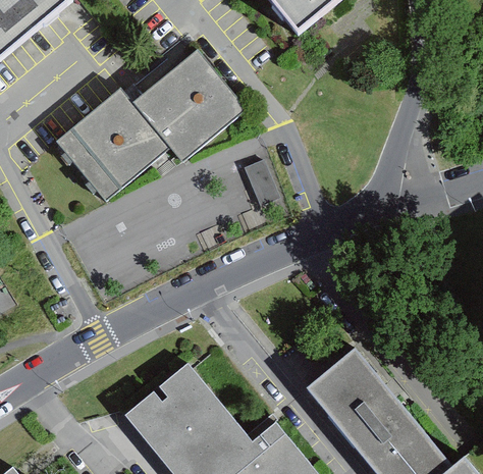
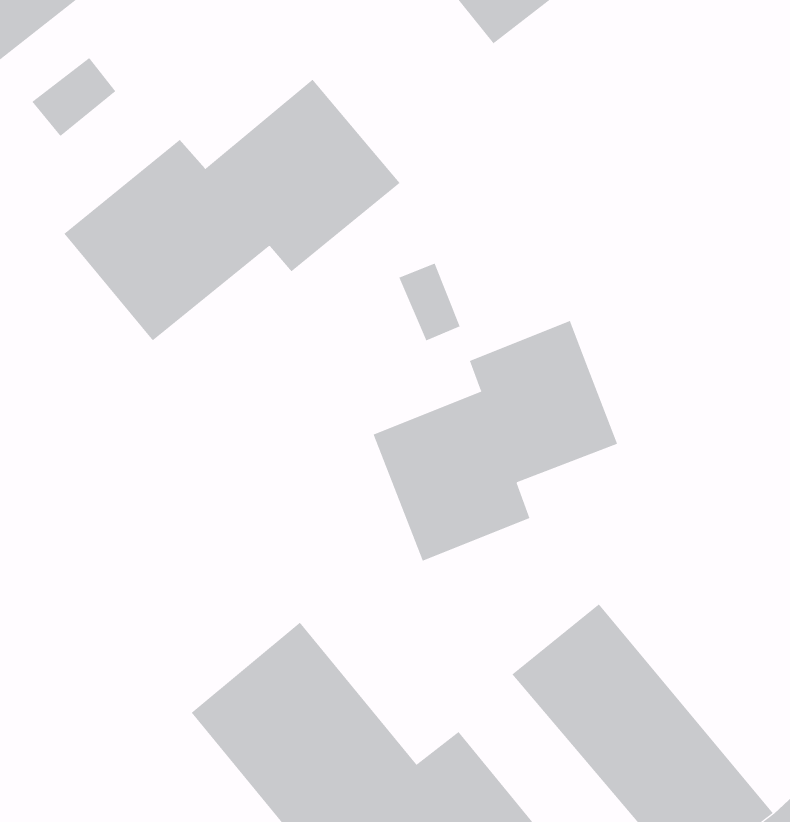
building: none -> [32,57,116,137]
building: none -> [373,320,618,561]

